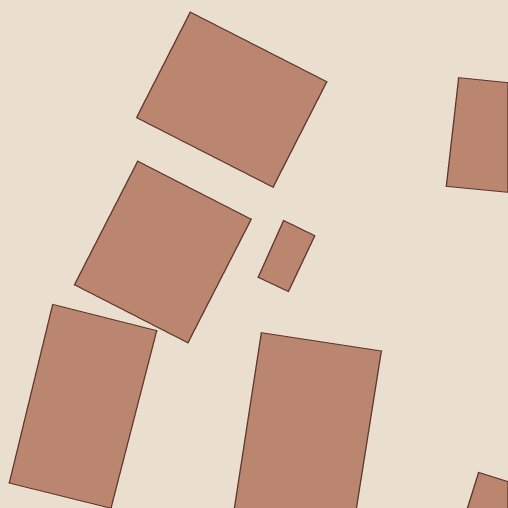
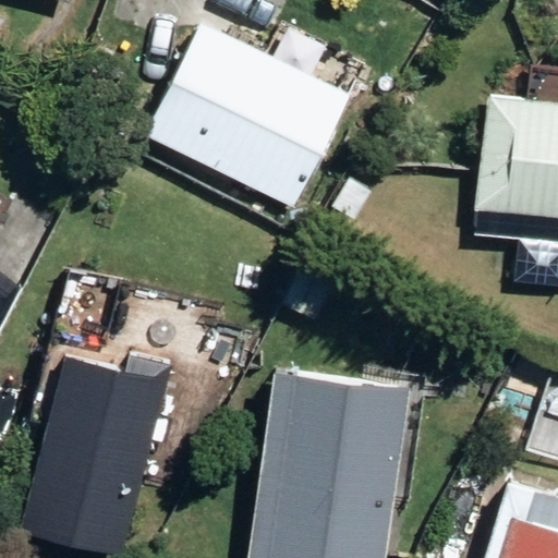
building: [74,161,251,343] -> none

